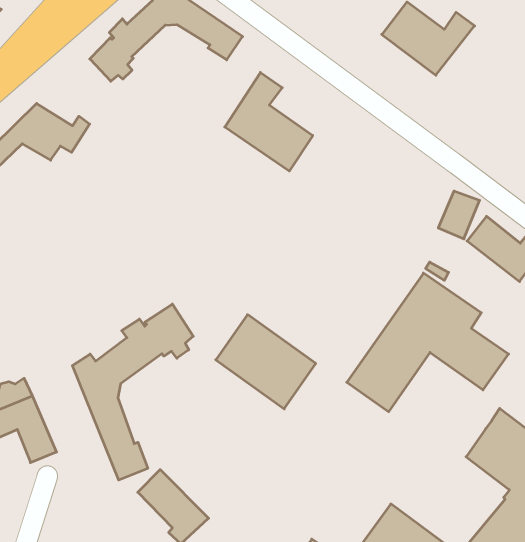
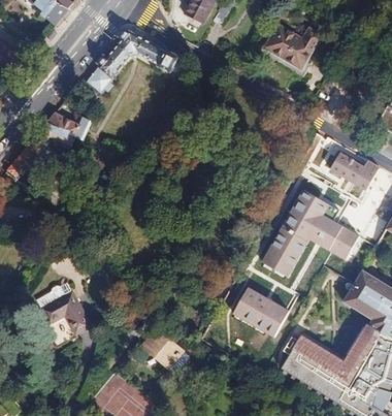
building: [225,72,313,171] -> none
building: [72,304,193,480] -> none
building: [216,315,316,409] -> [232,284,294,340]

